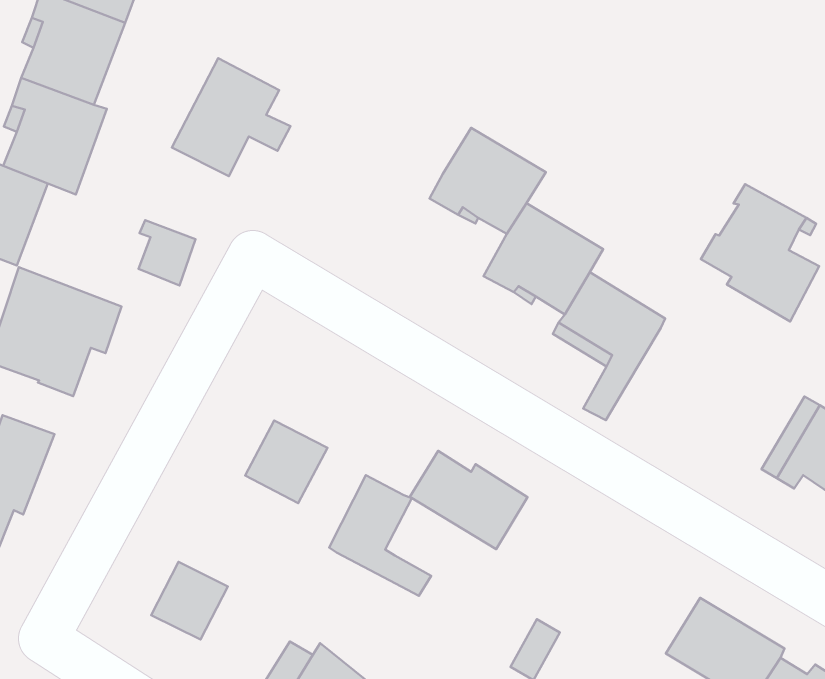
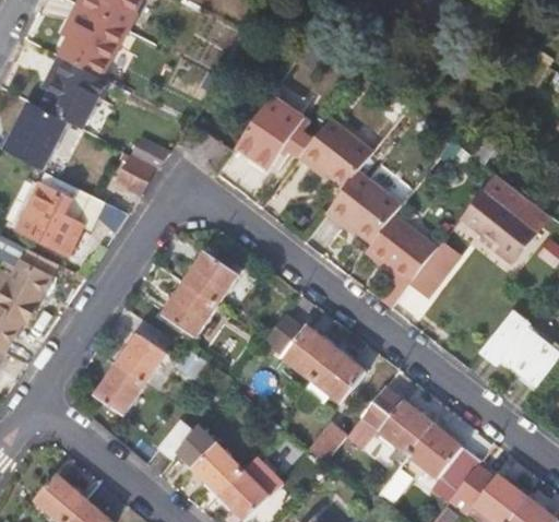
building: [172,58,291,176] -> [234,98,308,171]
building: none -> [404,256,447,304]
building: none -> [187,251,239,305]
building: [329,475,431,596] -> none
building: none -> [313,349,366,402]
building: none -> [118,333,167,382]
building: none -> [361,385,435,455]

